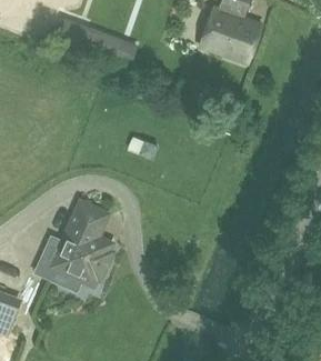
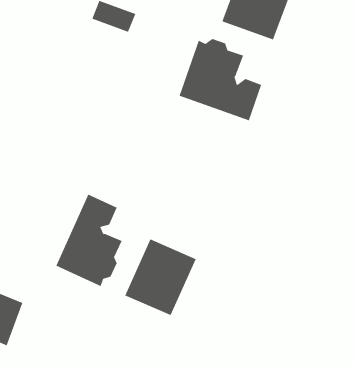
building: none -> [179,38,262,121]
building: none -> [125,239,196,316]

